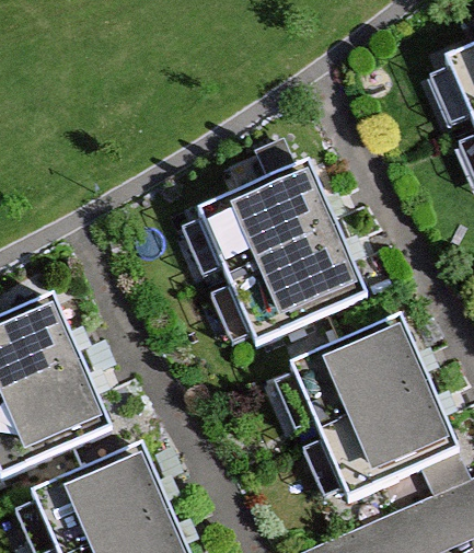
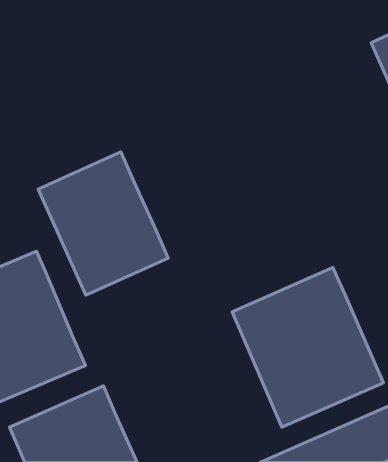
building: [195,164,367,347] -> none
building: none -> [38,152,168,295]

